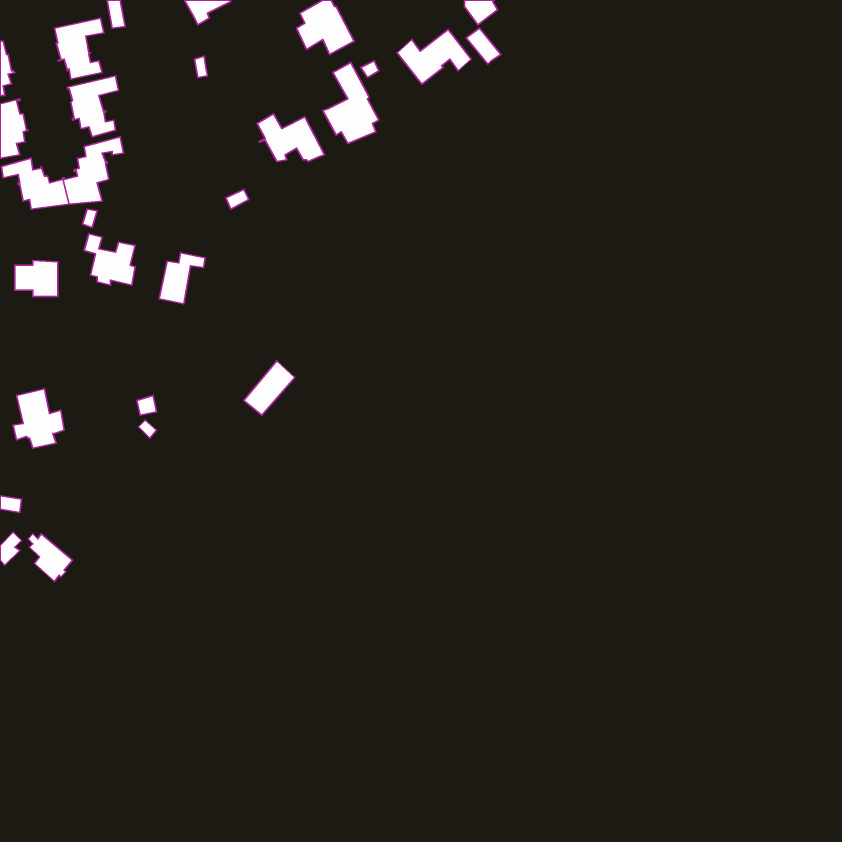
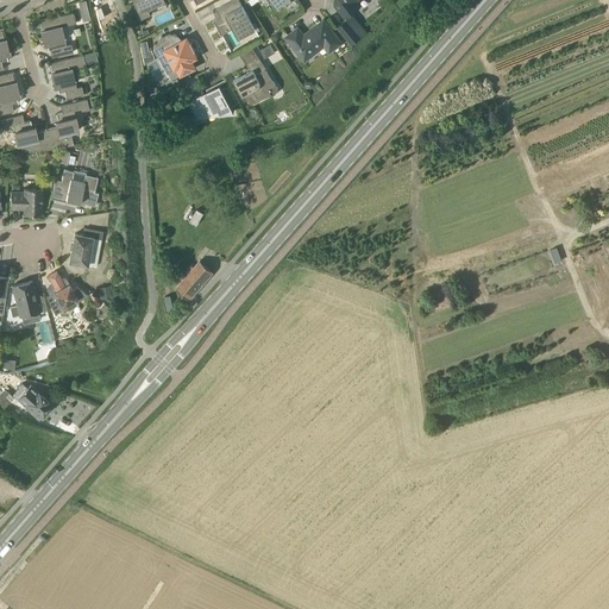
building: none -> [155,34,197,76]
building: [159,253,205,304] -> [69,228,102,265]
building: none -> [45,271,88,315]

